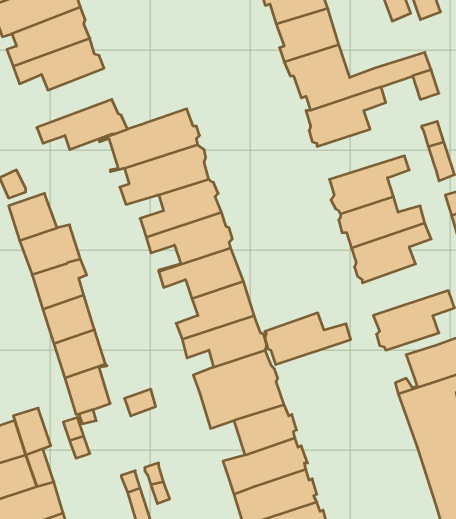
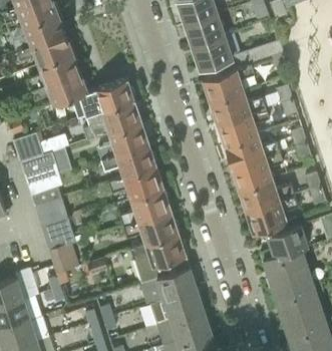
building: none -> [26,51,78,89]
building: none -> [210,90,266,122]
building: [265,313,351,365] -> [239,177,294,210]

